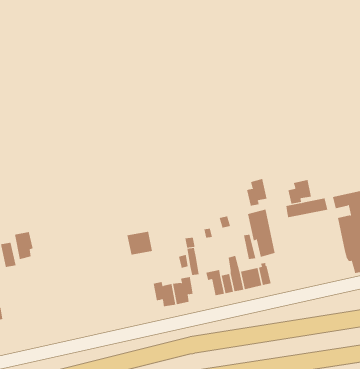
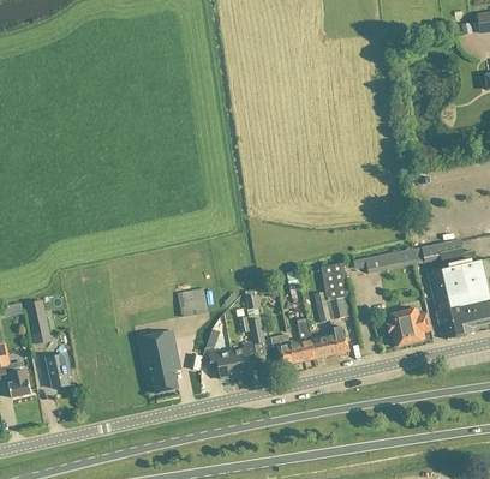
building: [247,178,267,207] -> none
building: [288,179,312,204] -> none
building: [14,231,33,260] -> [46,353,68,387]
building: none -> [384,306,429,345]
building: none -> [136,330,179,393]

